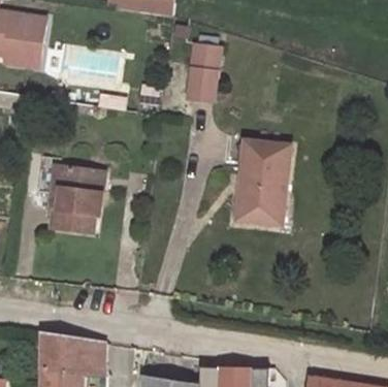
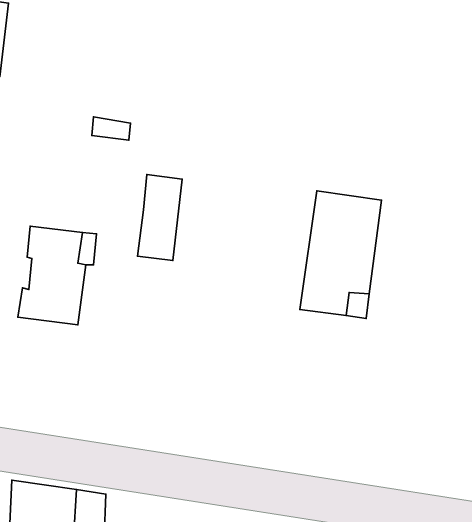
building: [190,46,220,104] -> [137,174,182,261]

